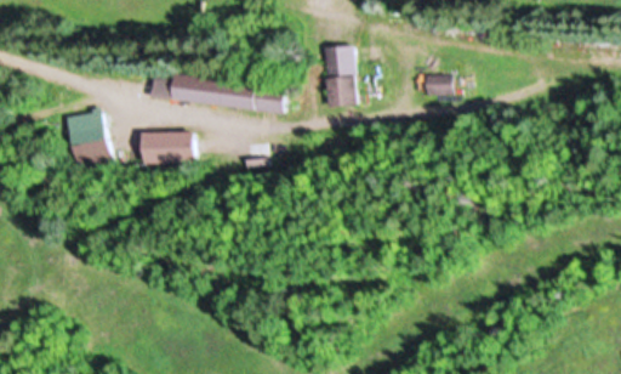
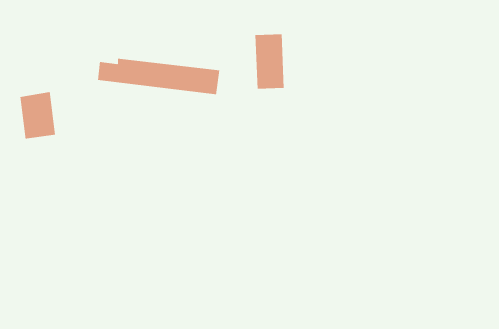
building: [426,75,454,95] -> none
building: [142,132,194,164] -> none

